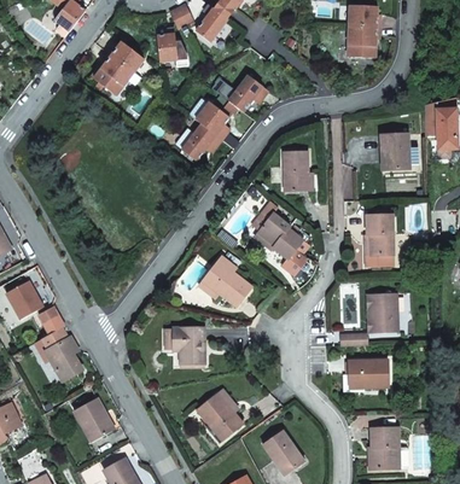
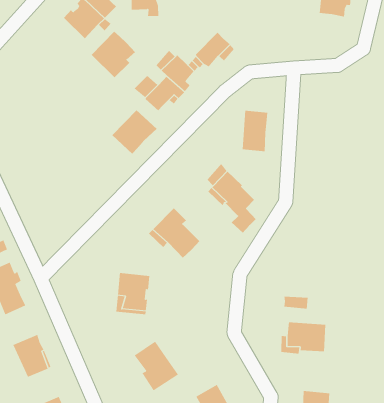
building: none -> [91,31,136,78]
building: [379,133,408,170] -> none
building: none -> [112,110,157,155]
building: [366,215,392,256] -> none
building: [366,290,397,332] -> none

